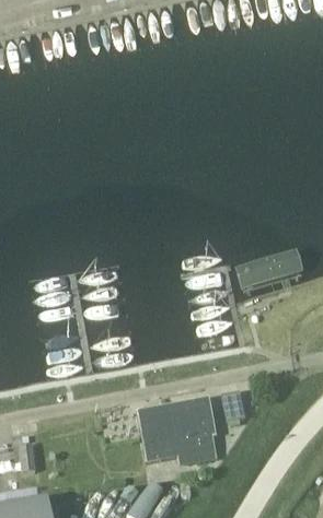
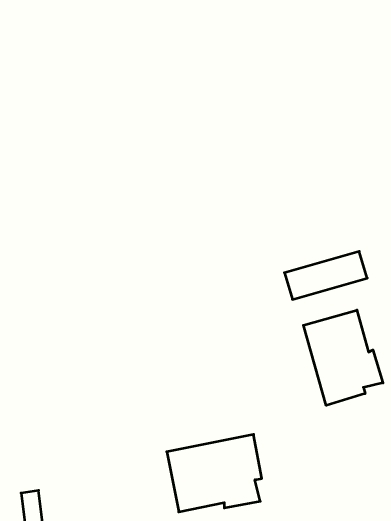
building: none -> [303,310,383,405]

